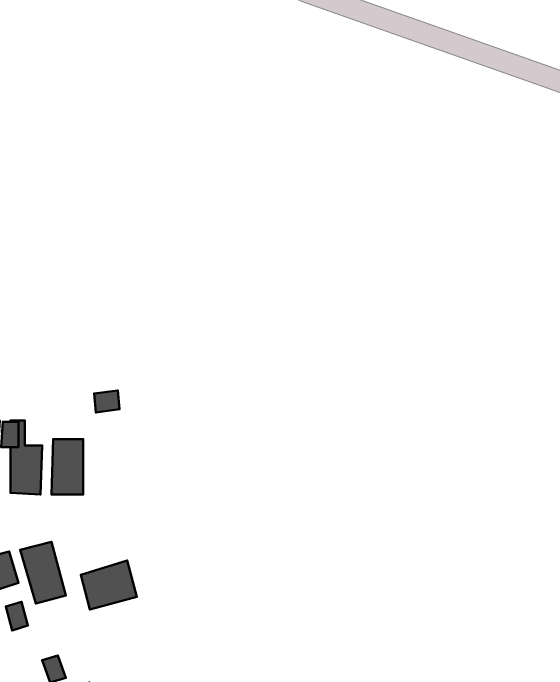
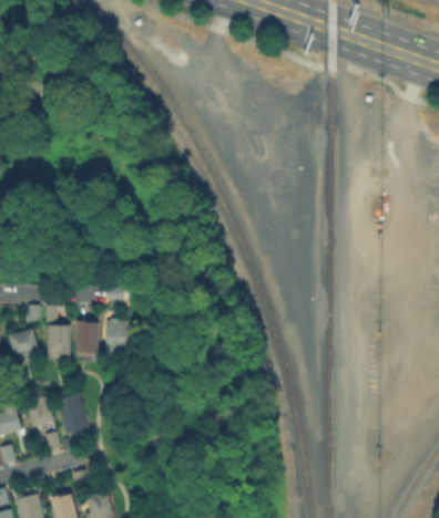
building: none -> [108,320,131,354]
building: [81,561,137,609] -> none

